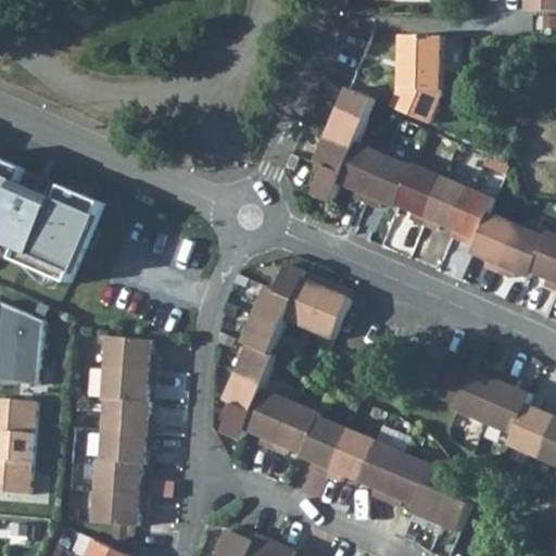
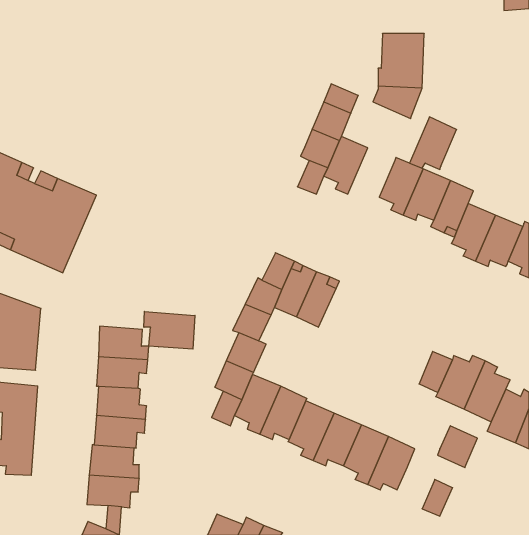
building: [361,153,409,207] -> [409,117,457,169]
building: none -> [144,311,195,349]
building: [409,483,451,527] -> [438,426,477,468]

